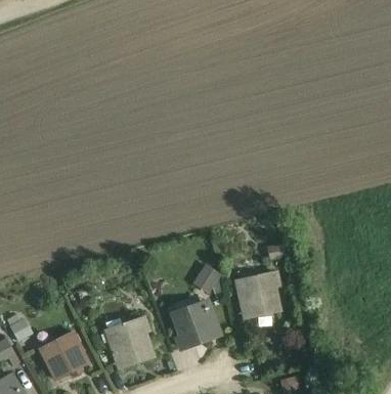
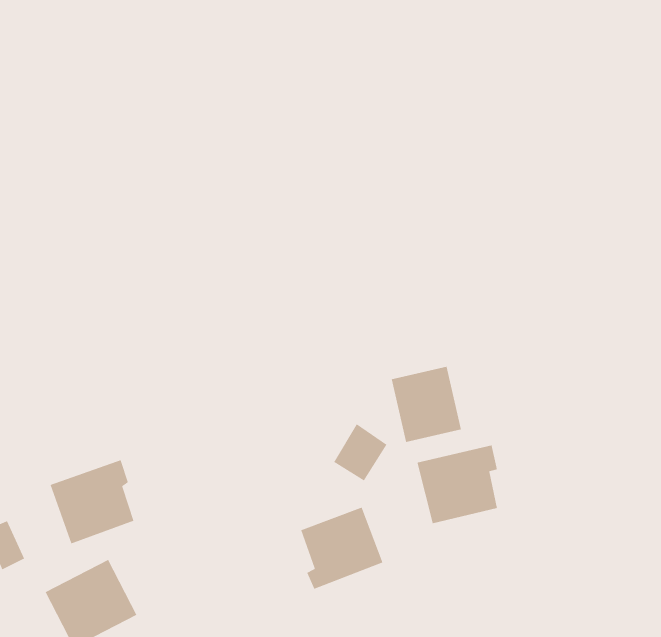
building: none -> [391,366,462,443]
building: [105,318,150,363] -> [49,459,135,545]

